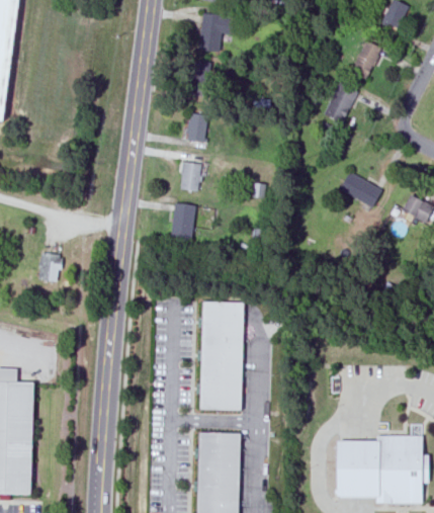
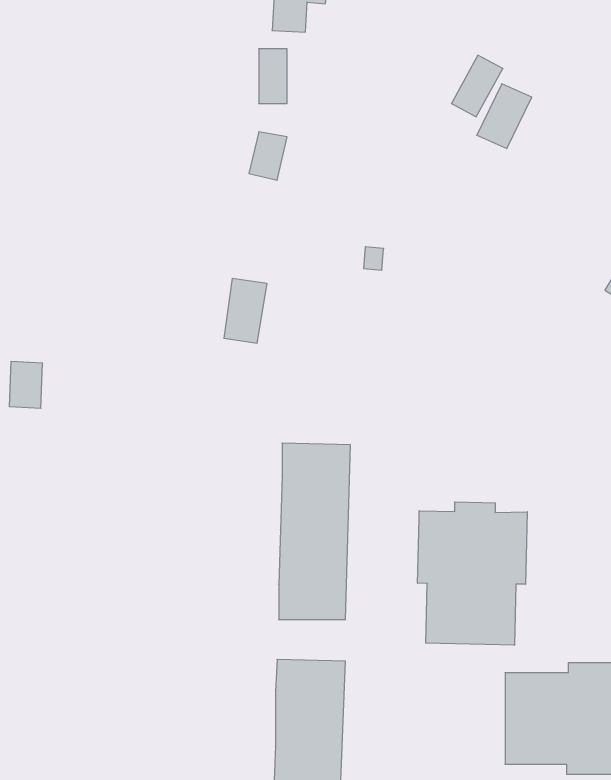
building: [348,41,379,79] -> [451,55,503,117]
building: [177,160,200,190] -> none
building: [341,170,383,206] -> none
building: none -> [418,502,527,645]

